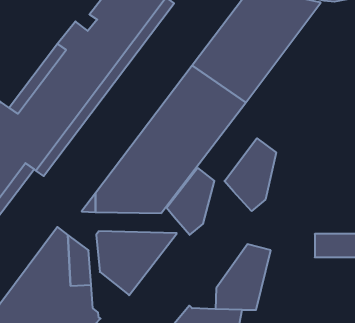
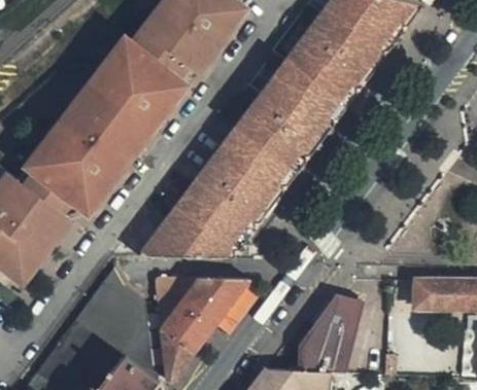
building: [224,138,276,211] -> none
building: [167,168,214,235] -> none
building: none -> [159,327,194,383]

